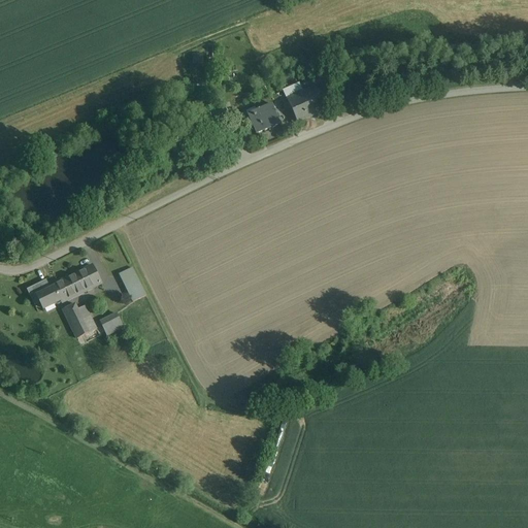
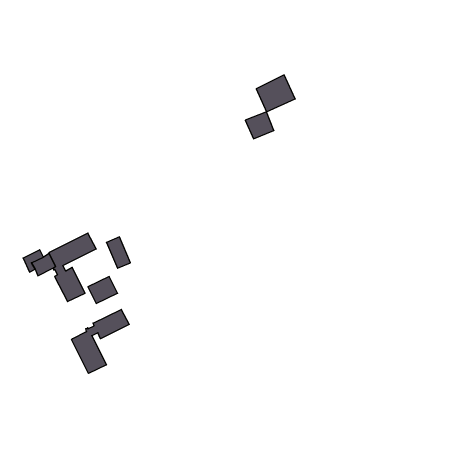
building: [245,102,277,132] -> [245,112,274,139]
building: none -> [72,309,129,373]

